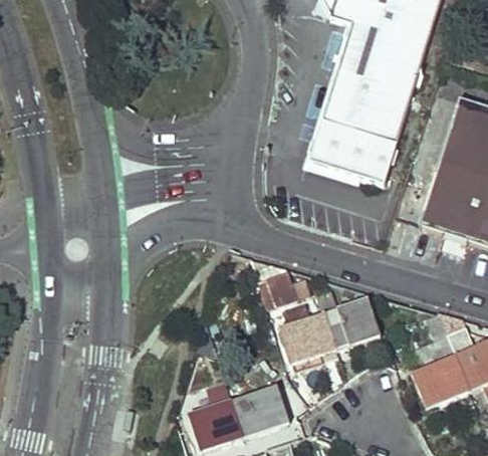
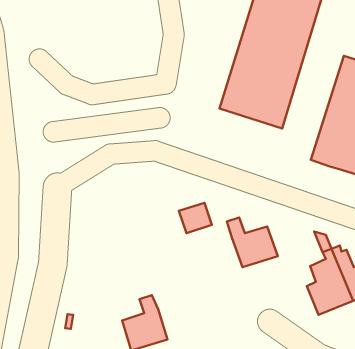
building: [279,313,335,363] -> none
building: [233,387,287,438] -> none

